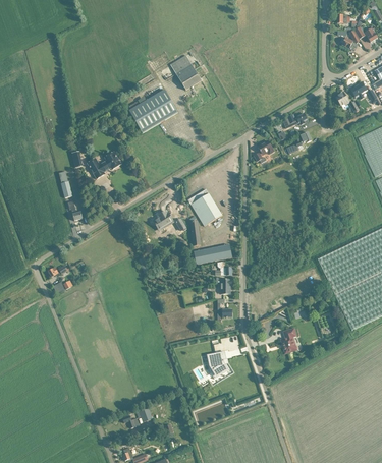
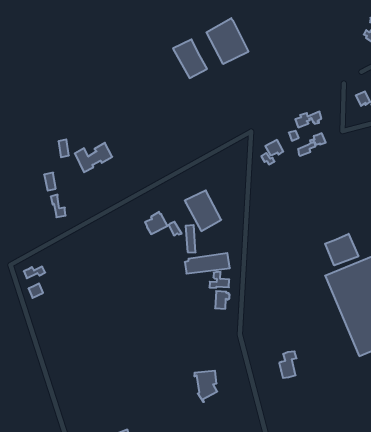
building: none -> [206,18,248,64]
building: [129,85,178,132] -> none
building: none -> [325,234,358,265]

